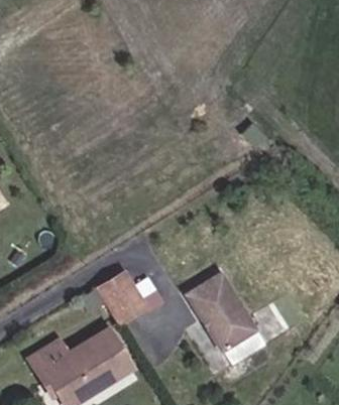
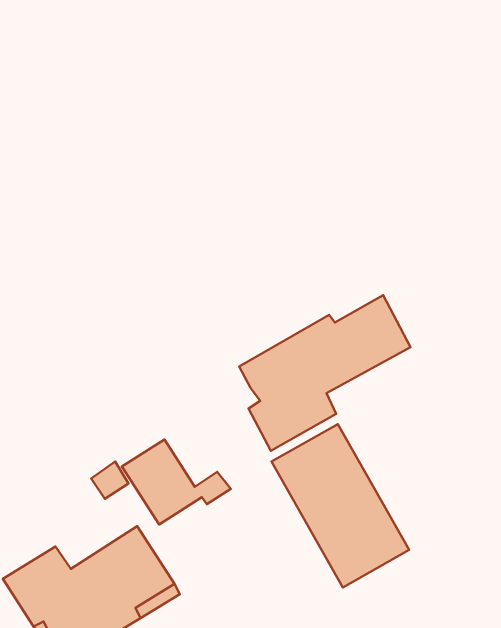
building: none -> [239,295,410,451]

